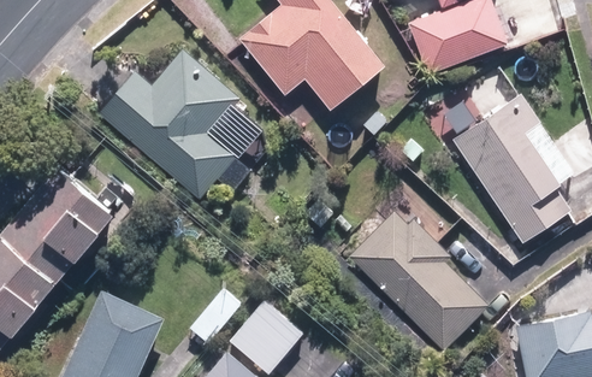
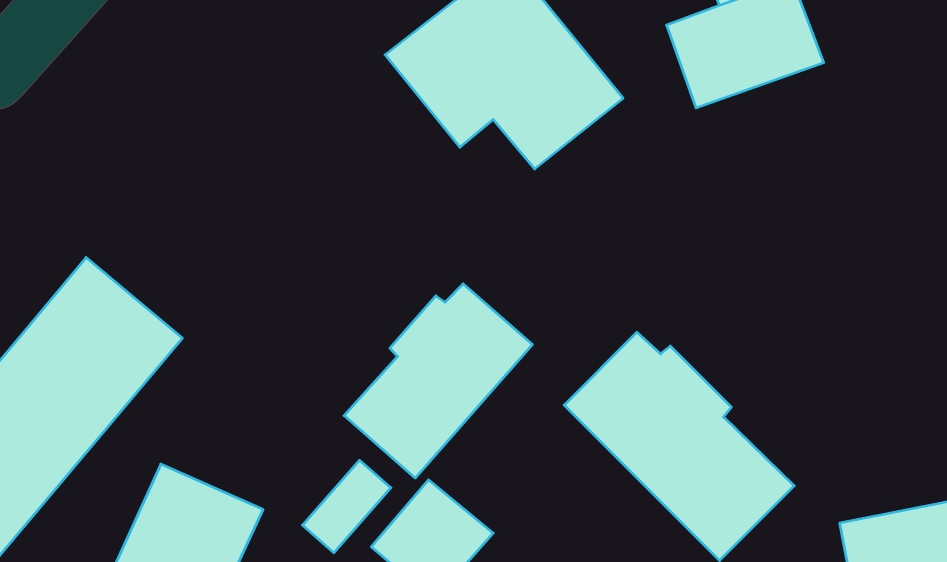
building: [97,49,241,201] -> none
building: [452,93,575,245] -> none
building: none -> [344,284,532,478]

